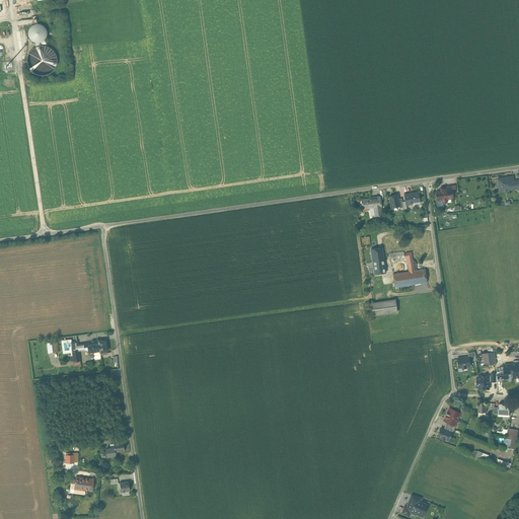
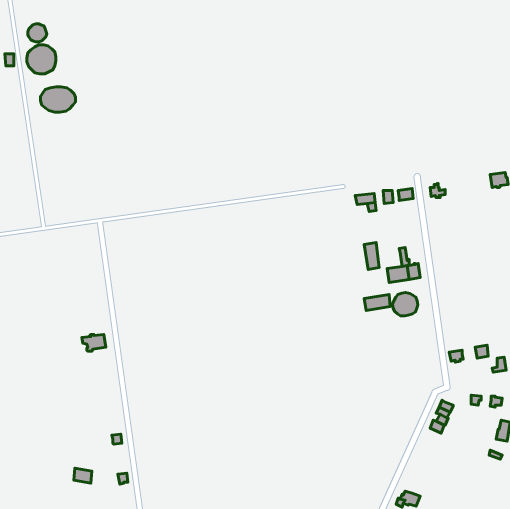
building: none -> [41,87,75,112]
building: none -> [393,292,418,316]

